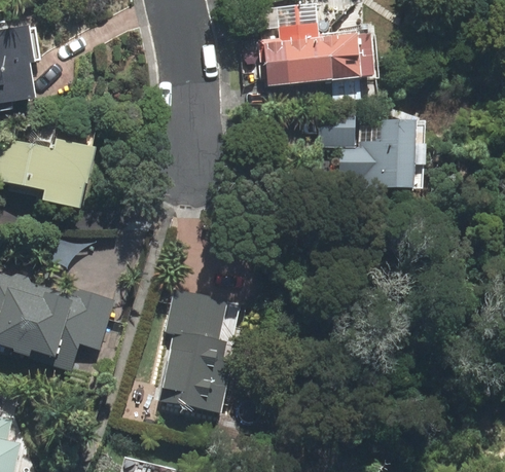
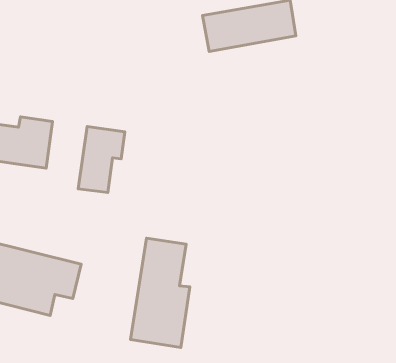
building: [322,110,420,194] -> none
building: none -> [78,126,125,193]

